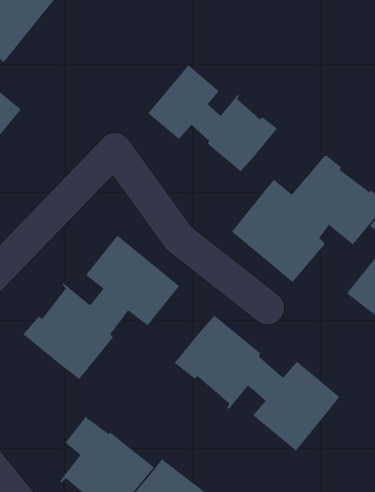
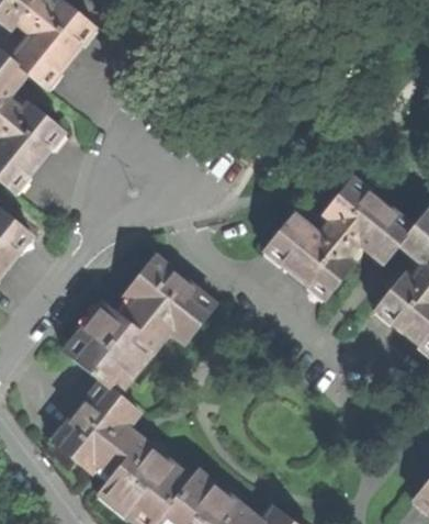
building: [148,64,278,172] -> none
building: [174,315,340,451] -> none
building: none -> [54,380,139,471]

